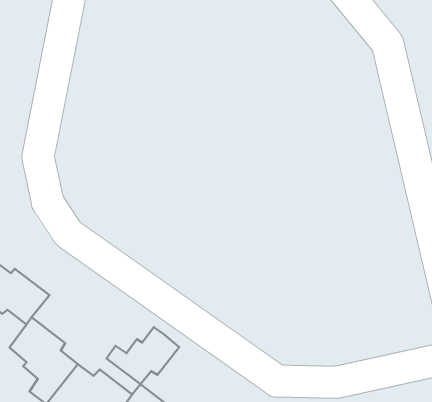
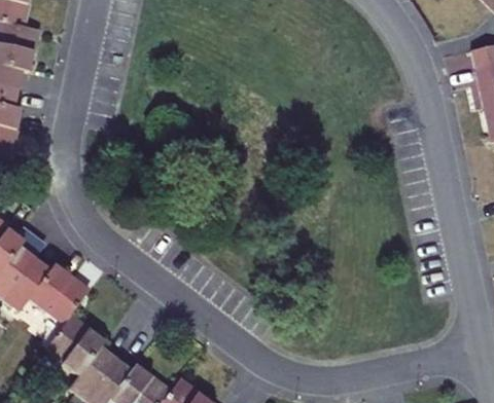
building: [107,327,179,384] -> none

